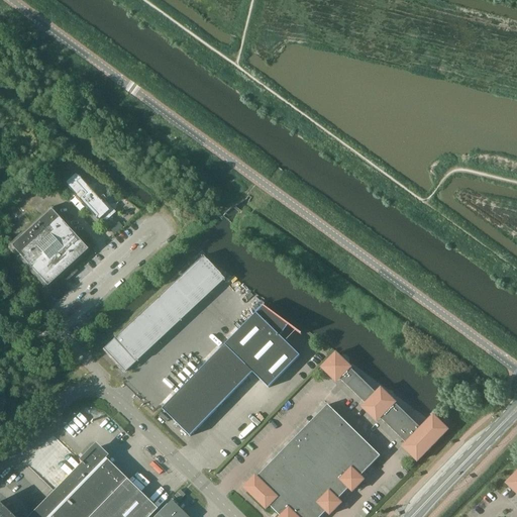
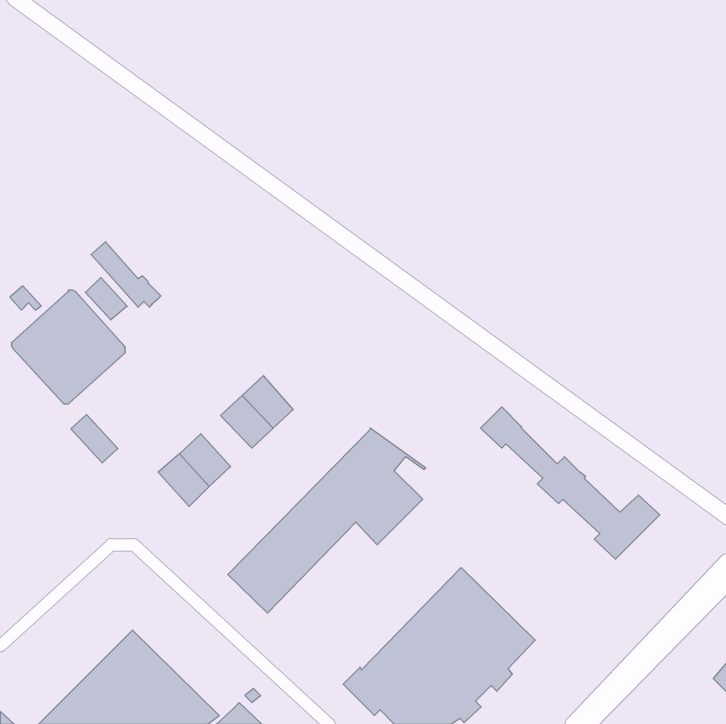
building: none -> [85,278,127,320]
building: [188,253,224,291] -> none
building: [143,295,180,331] -> none
building: [102,335,135,370] -> [71,415,118,463]
building: [322,351,449,459] -> [480,407,660,559]

